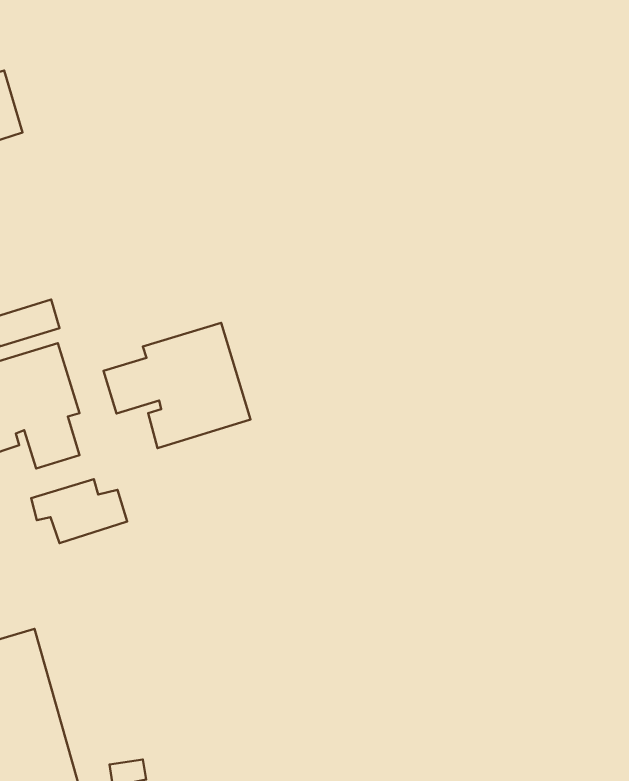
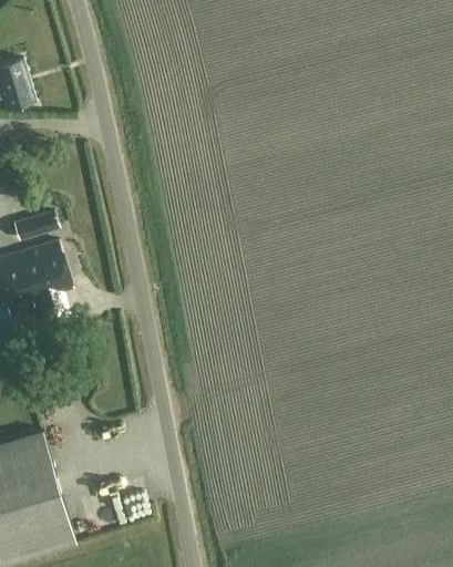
building: [104,323,251,448] -> none
building: [31,479,127,543] -> none

